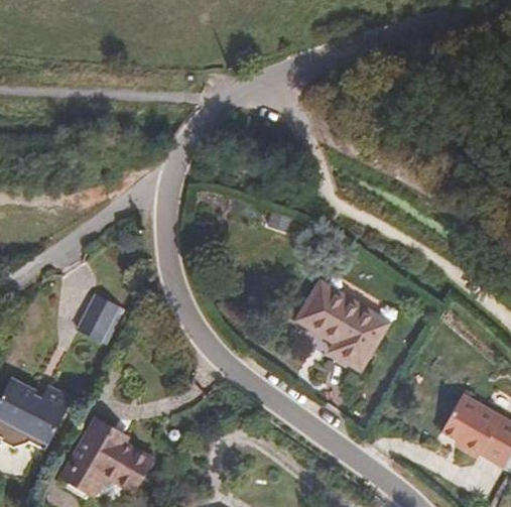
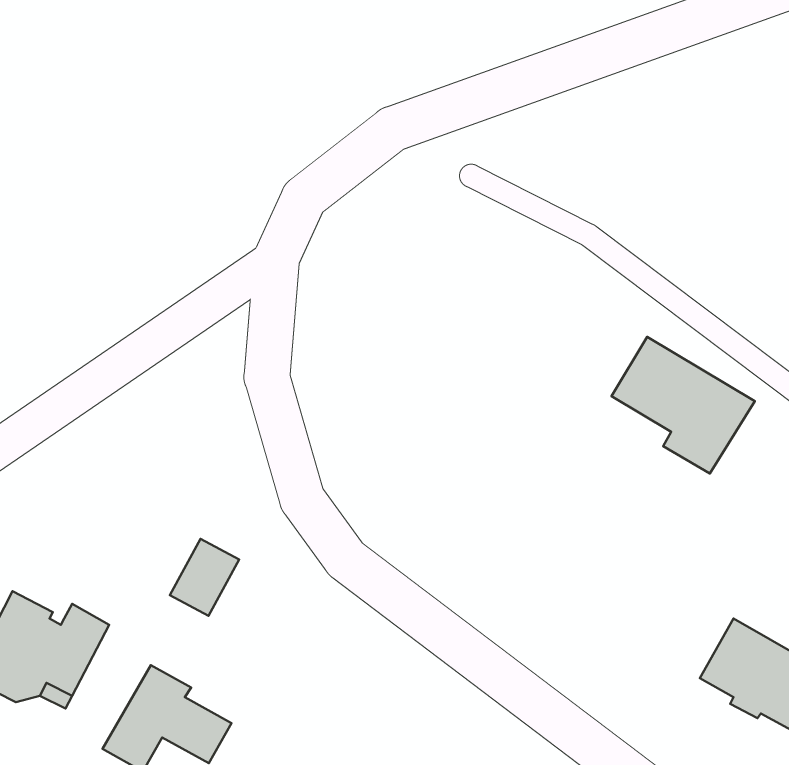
building: [298,282,388,368] -> [612,337,755,474]
building: [77,293,120,342] -> [170,539,239,616]

